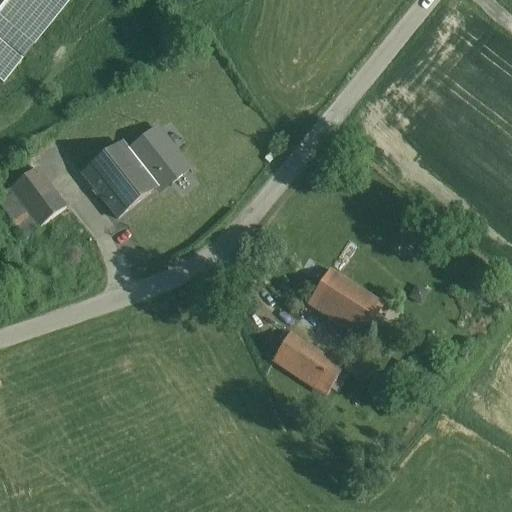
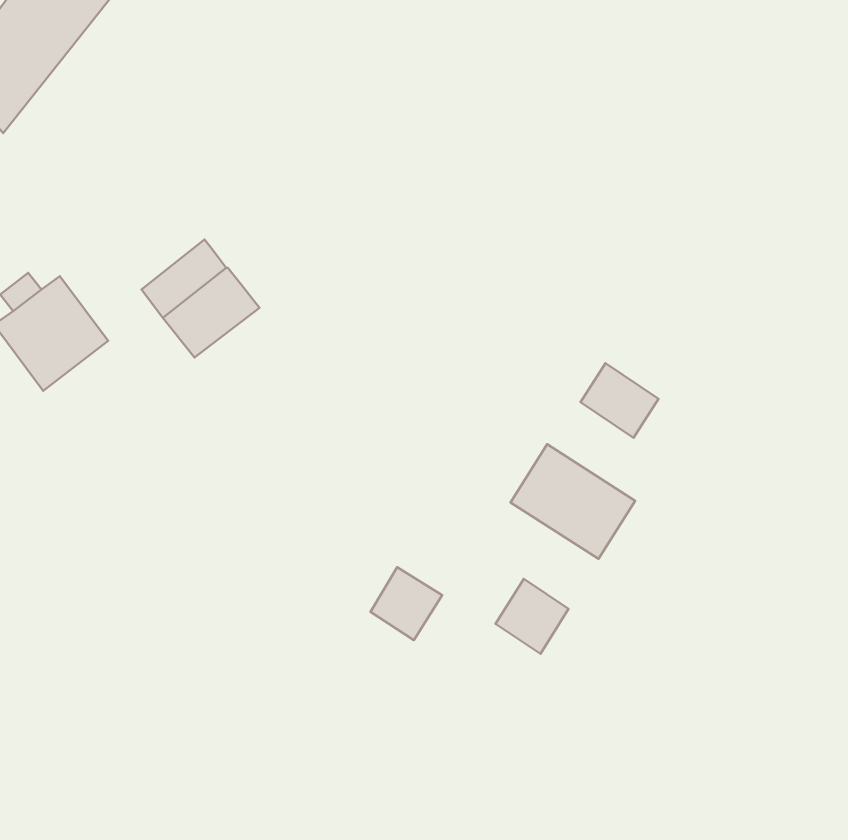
building: [127,126,188,180] -> none
building: none -> [580,363,659,438]
building: [272,331,315,375] -> [371,567,442,640]

